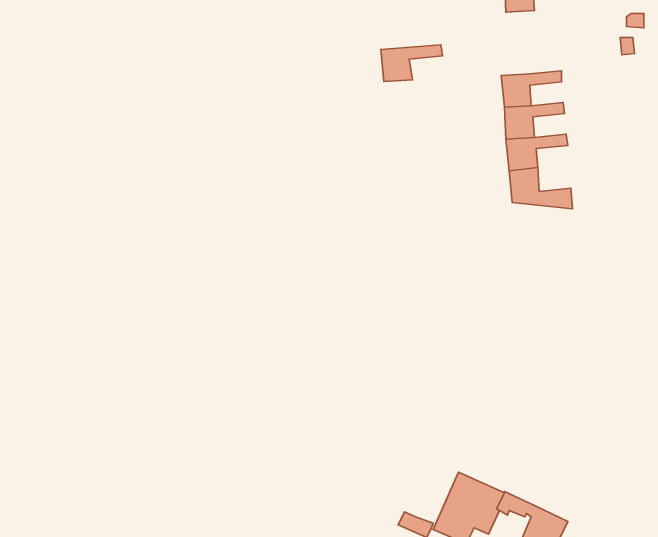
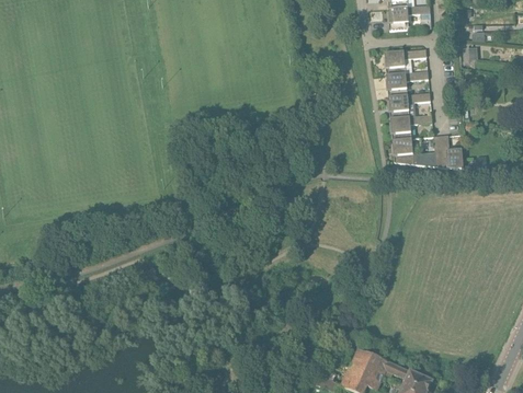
building: [381,45,443,81] -> [384,48,427,73]
building: none -> [434,135,463,167]

